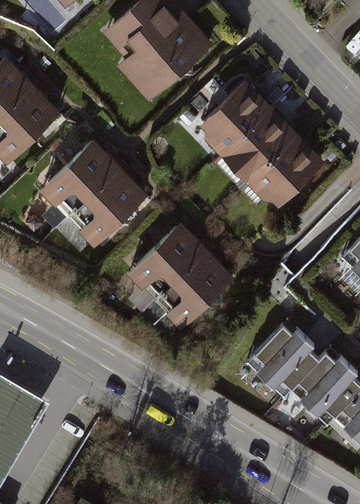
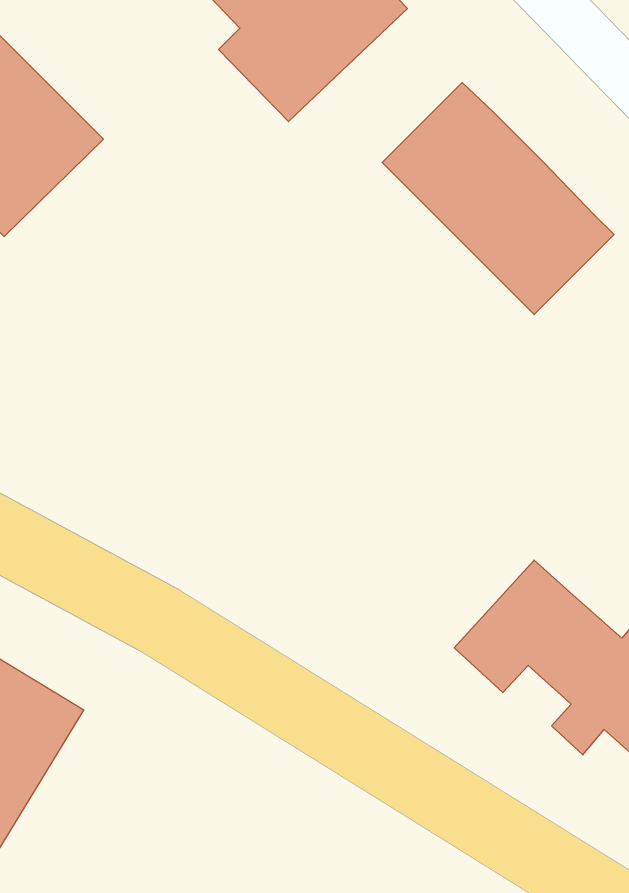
building: [40,137,151,248] -> none
building: [124,228,230,334] -> none

